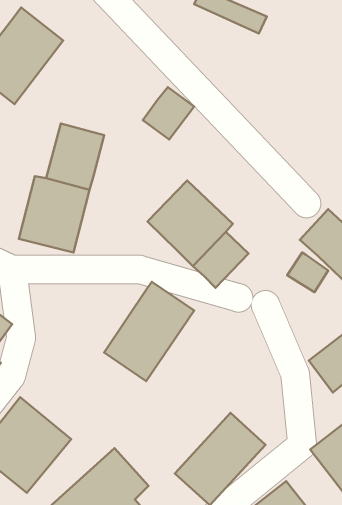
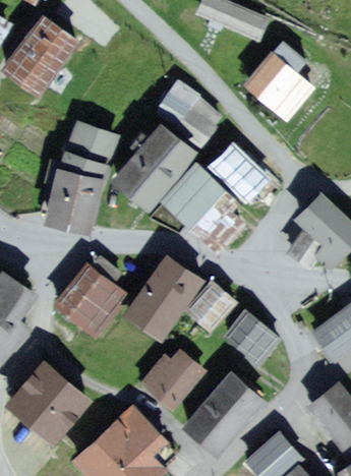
building: none -> [245,52,316,121]
building: none -> [178,100,224,146]
building: none -> [109,120,195,210]
building: none -> [207,139,270,201]
building: none -> [57,263,125,334]
building: none -> [183,279,236,332]
building: none -> [223,311,280,366]
building: none -> [138,343,203,409]

